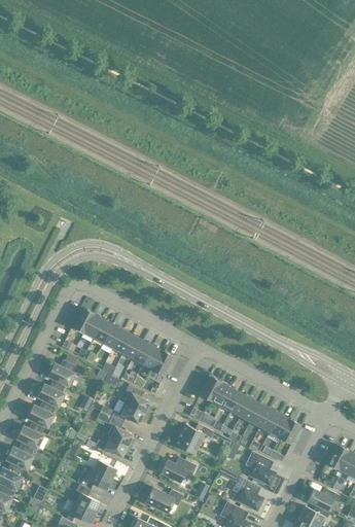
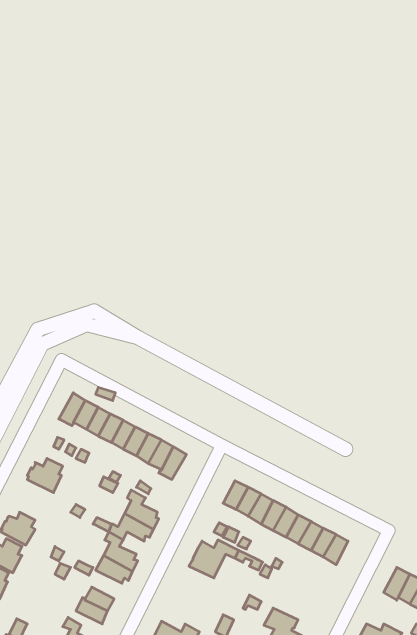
building: [37,380,64,407] -> none
building: [246,451,275,485] -> none
building: [159,459,196,484] -> none

